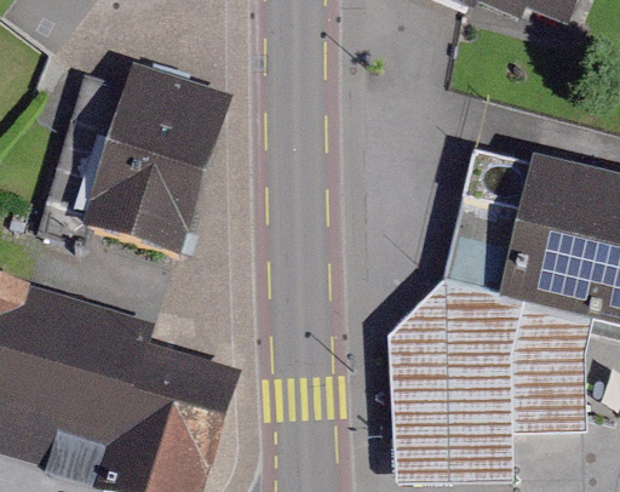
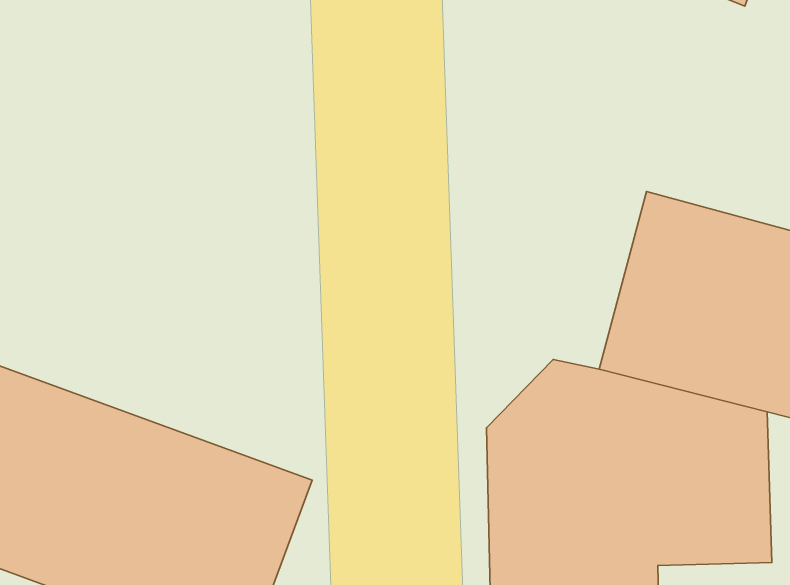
building: [84,61,230,251] -> none

